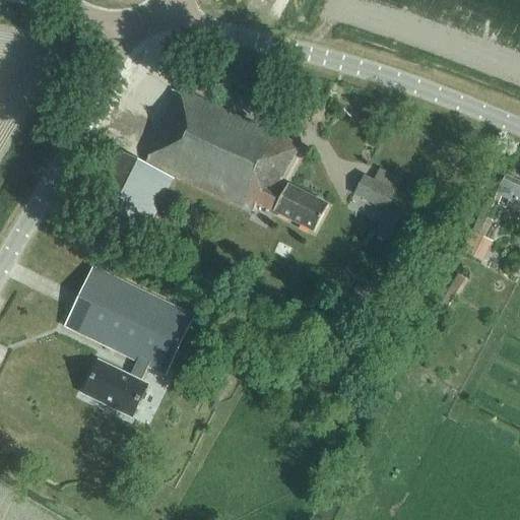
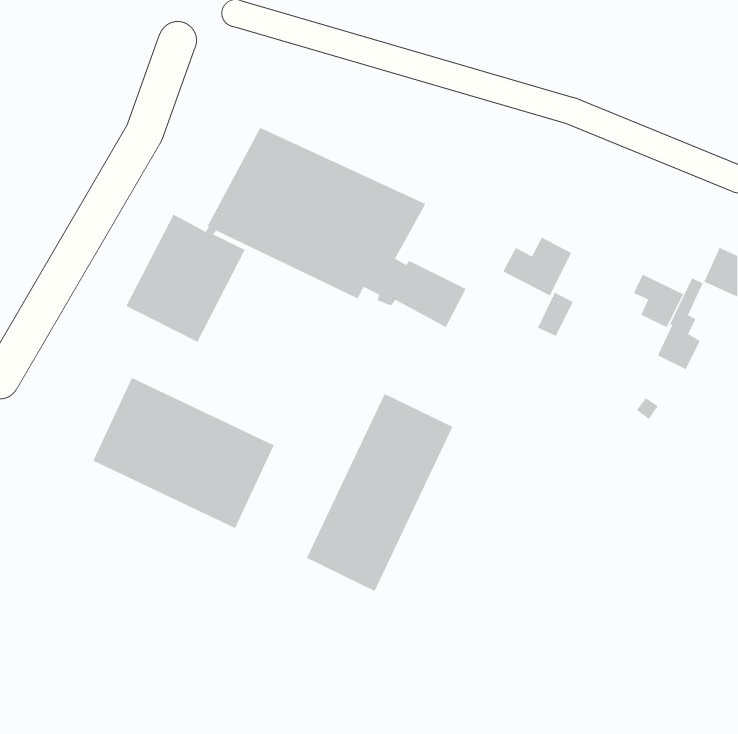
building: none -> [633,274,684,328]
building: none -> [306,393,453,592]
building: [83,360,148,415] -> none

